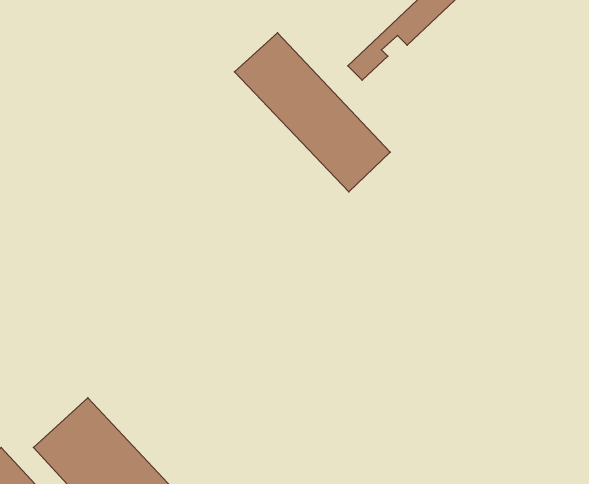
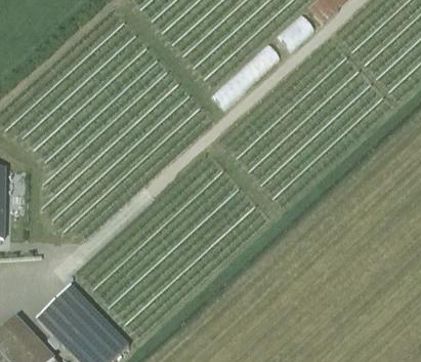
building: [235,33,390,192] -> none

